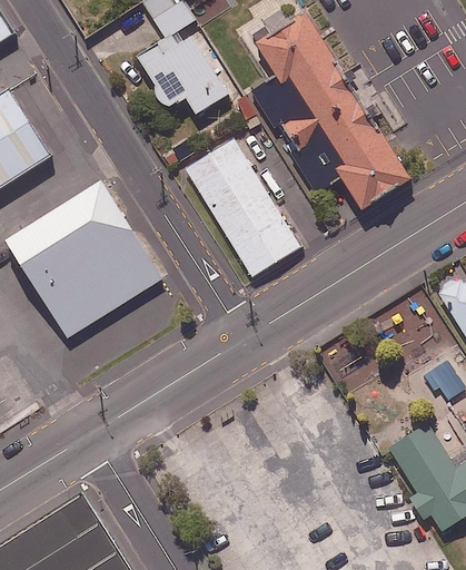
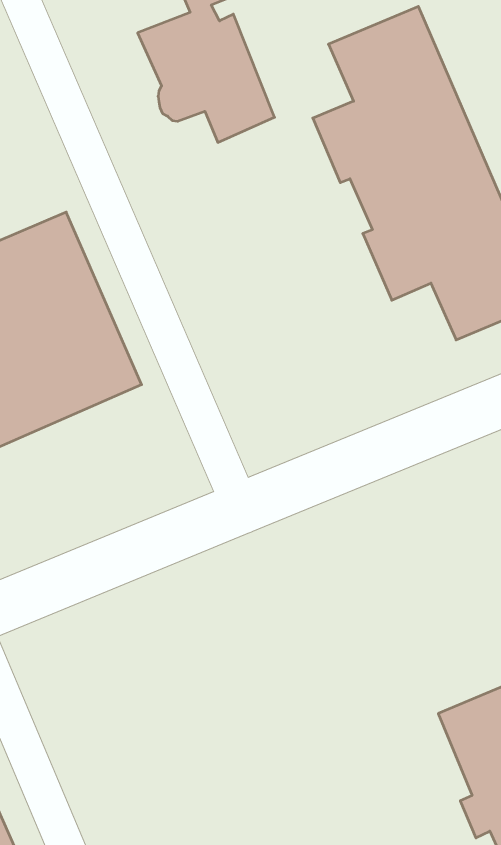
building: [184,139,300,279] -> none

